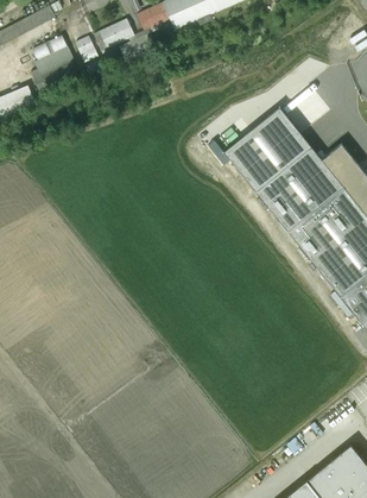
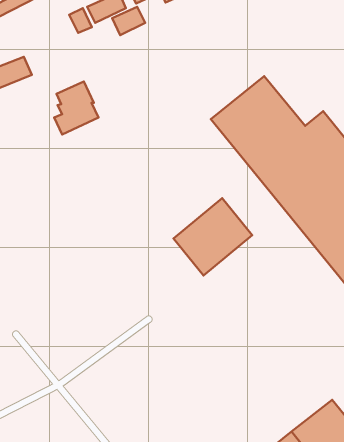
building: [31,36,77,92] -> [54,81,98,135]
building: none -> [173,198,252,275]

